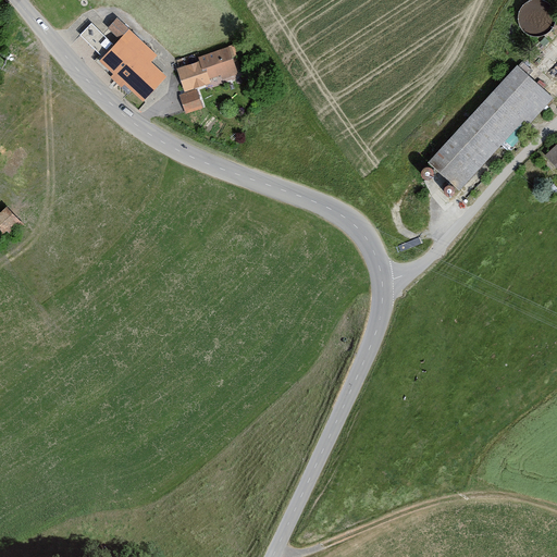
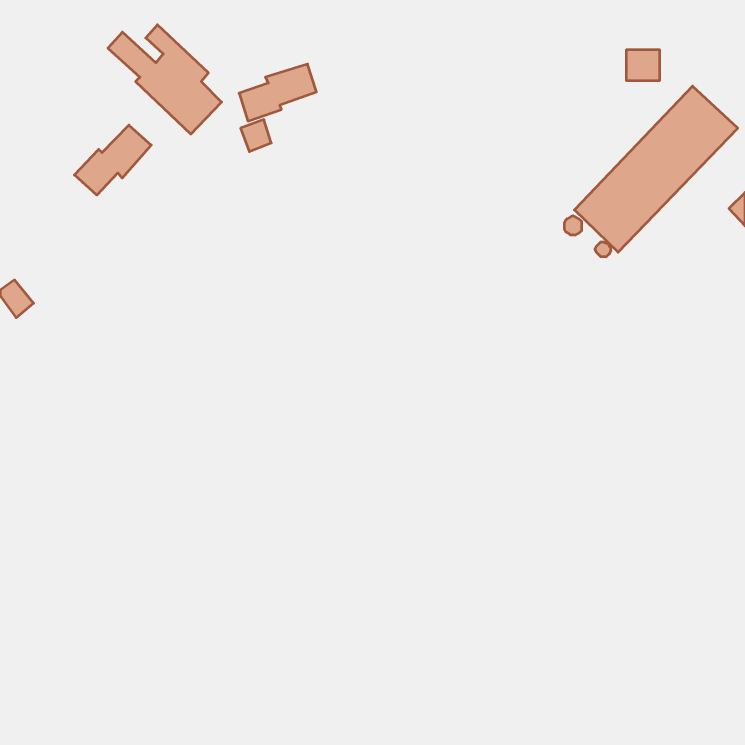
building: [522,7,547,29] -> [626,50,660,80]
building: none -> [74,125,151,195]

